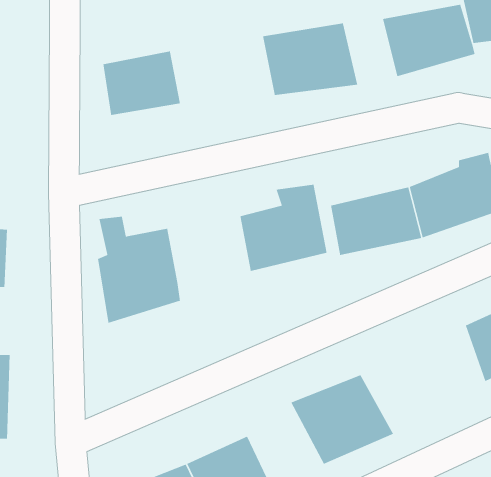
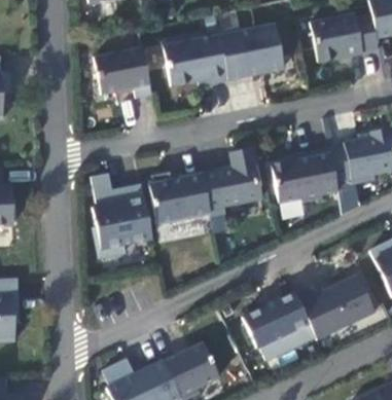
building: none -> [157,33,222,89]
building: none -> [140,172,204,223]
building: none -> [292,271,377,340]

